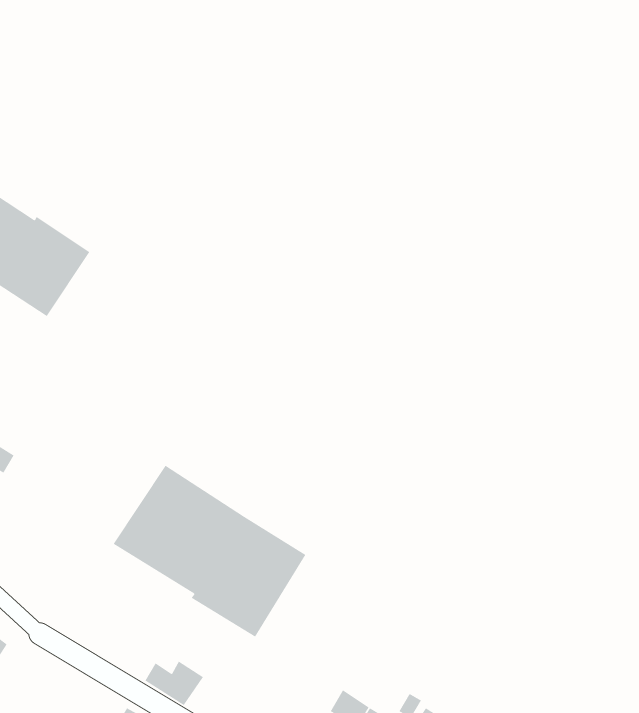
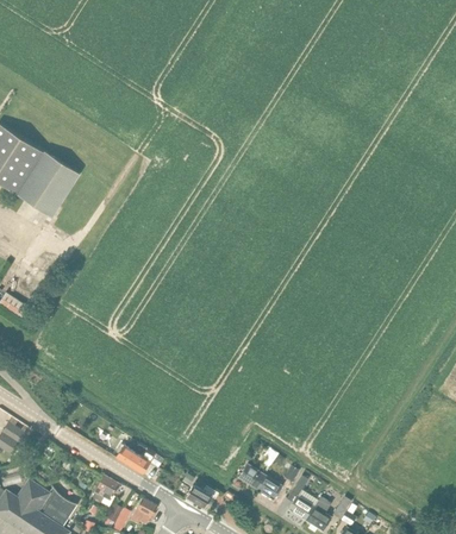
building: [113,465,306,637] -> none

